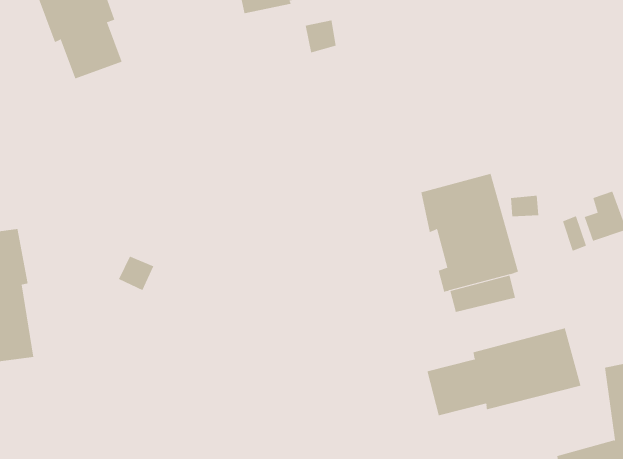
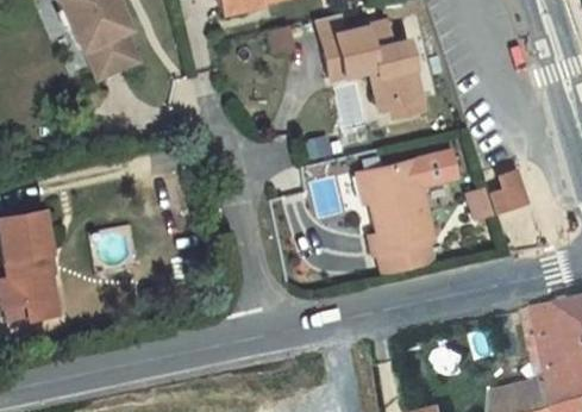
building: none -> [319,14,424,119]
building: [427,328,581,416] -> none

